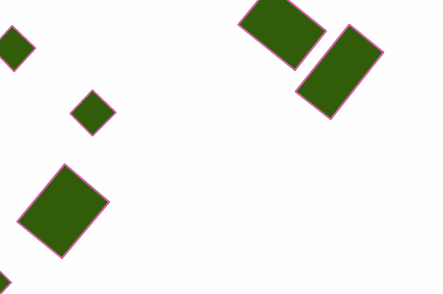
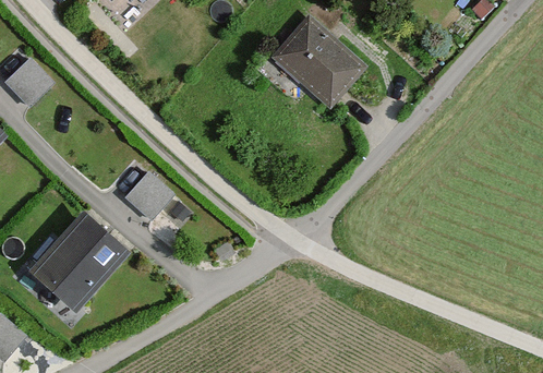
building: [296,25,383,119] -> none
building: [70,90,116,136] -> [121,172,170,221]

